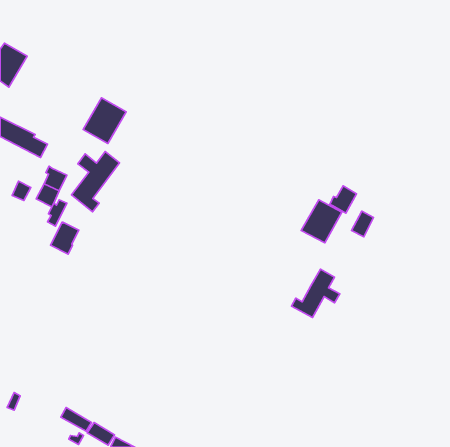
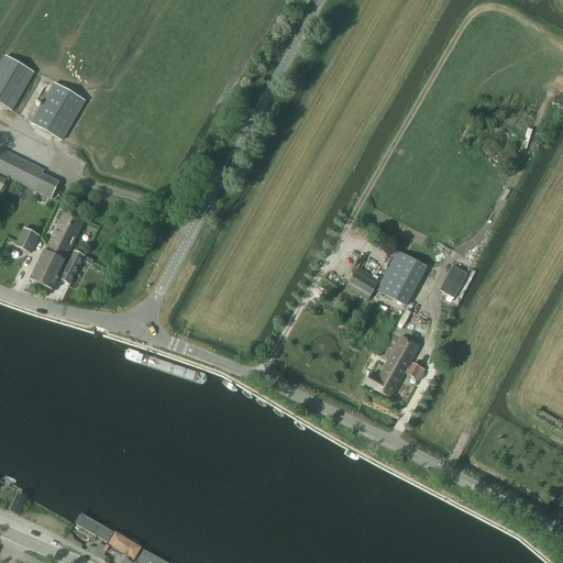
building: [83,98,126,144] -> [31,81,85,139]
building: [71,151,119,212] -> none
building: [330,186,356,213] -> none
building: none -> [346,267,379,300]
building: [51,222,79,254] -> [30,249,65,288]

